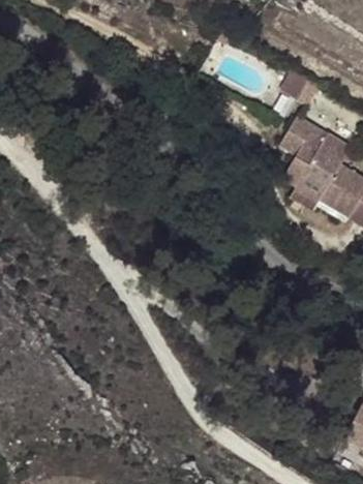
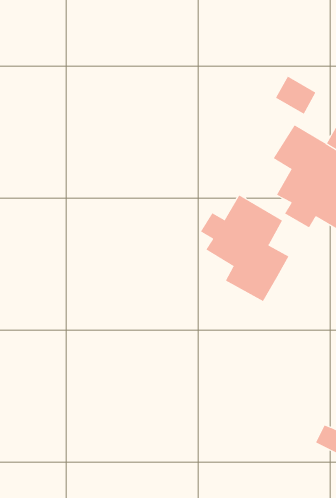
building: none -> [200,195,289,302]

